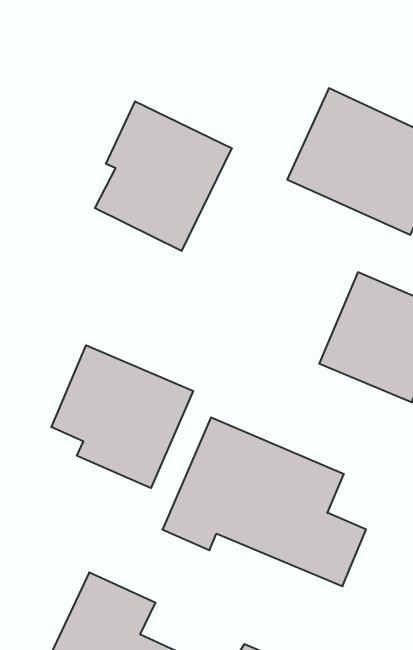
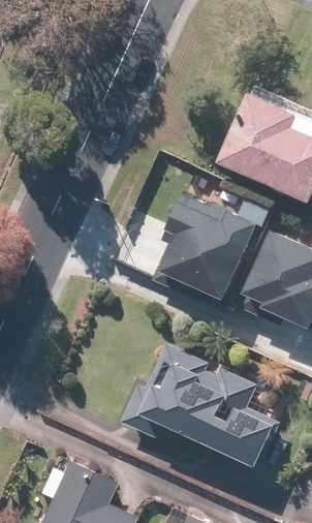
building: [95,101,232,251] -> [154,190,256,302]
building: [51,345,193,488] -> none

